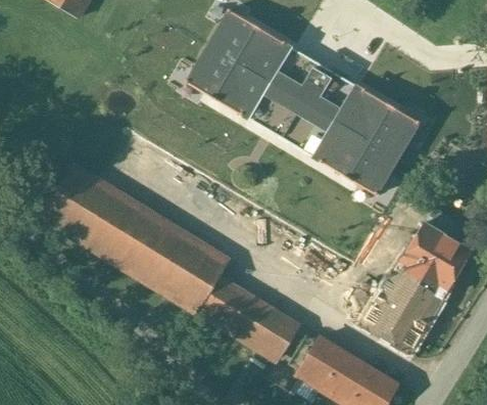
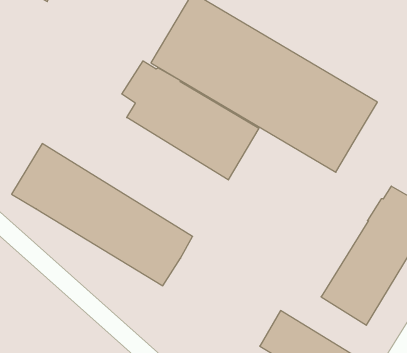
building: none -> [122,61,259,180]
building: [199,283,294,360] -> none

